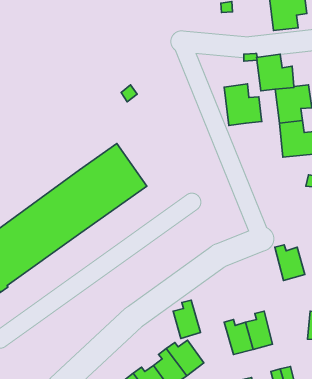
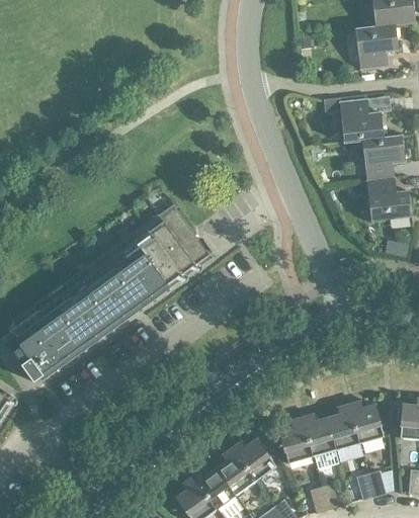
building: [224,84,262,126] -> none
building: [275,245,305,280] -> [349,403,385,445]
building: [173,300,200,338] -> [280,419,313,464]

